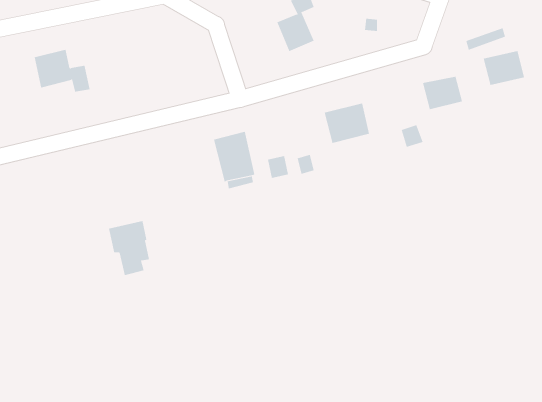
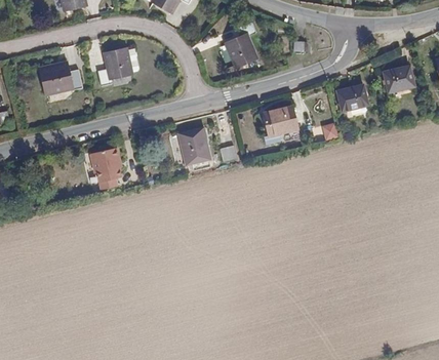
building: none -> [96,50,128,86]
building: [108,221,150,276] -> [89,148,121,190]

